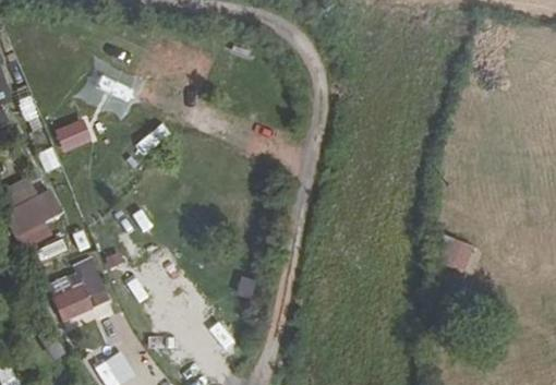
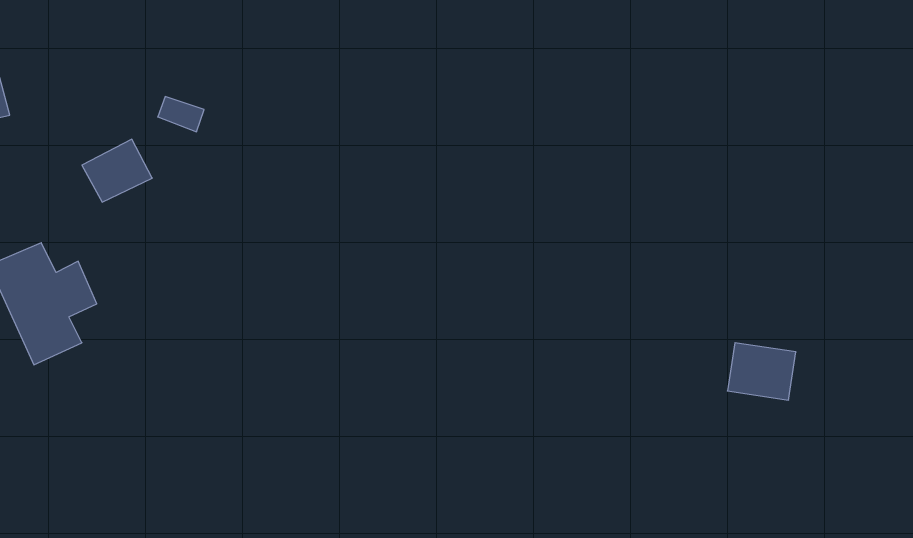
building: [44,255,112,324] -> none

